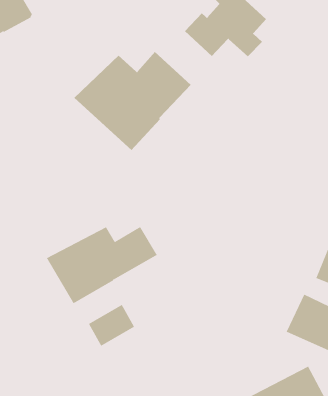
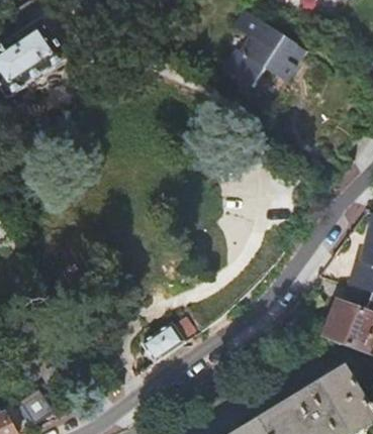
building: [73,51,192,151] -> none
building: [46,226,157,304] -> none

